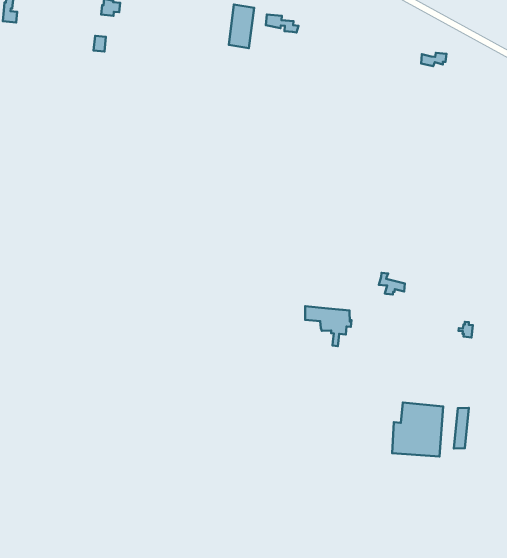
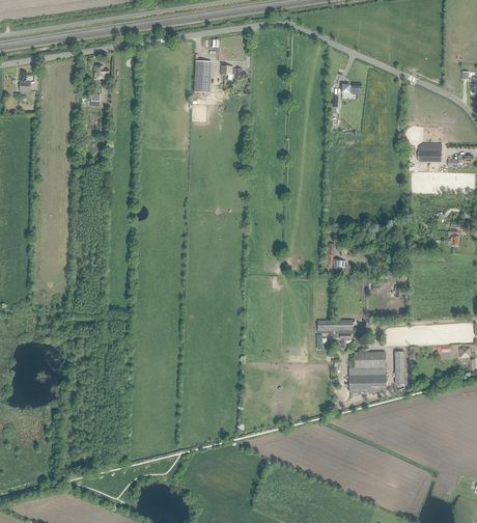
building: [305,306,351,346] -> [317,320,354,348]

